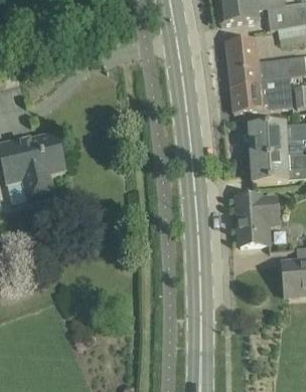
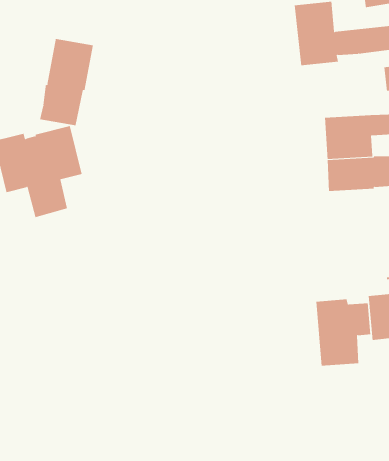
building: none -> [40,38,93,126]
building: [231,77,279,113] -> none
building: [236,194,278,245] -> [316,299,371,366]

